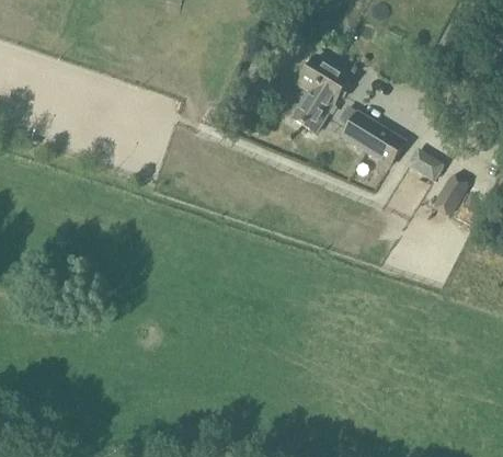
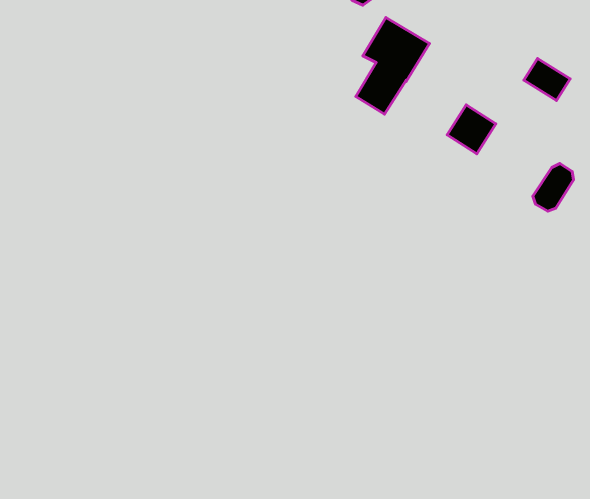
building: [342,112,380,149] -> none
building: [407,147,444,181] -> [524,58,570,101]

